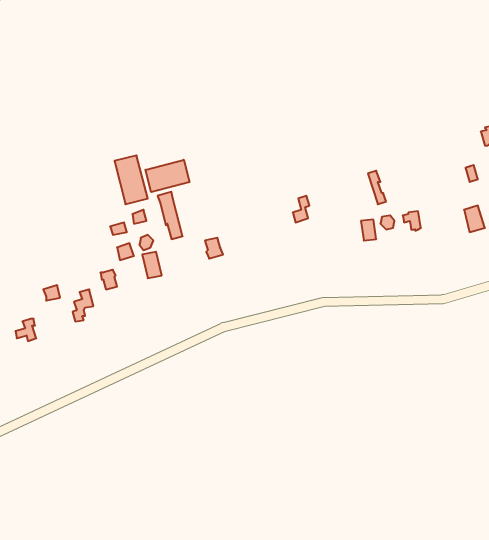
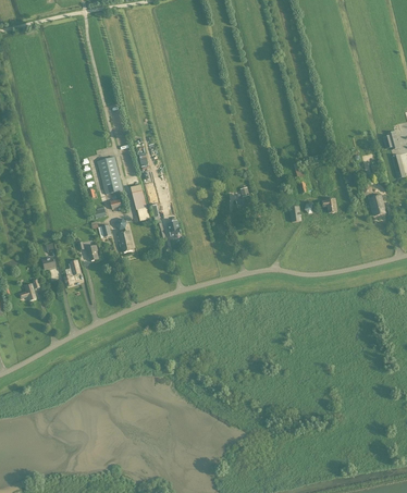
building: [145,160,190,192] -> none

